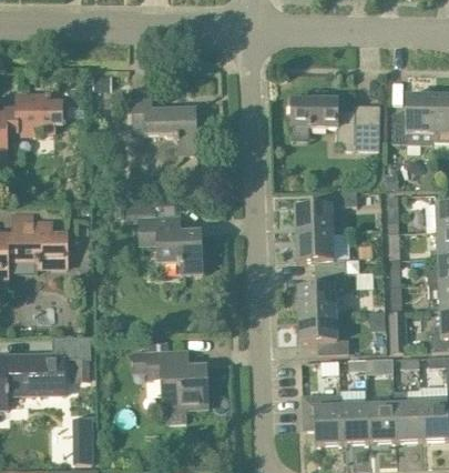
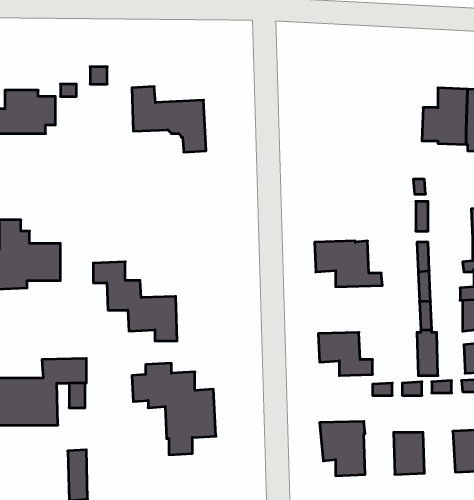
building: [290,90,379,149] -> none
building: [295,190,353,232] -> none
building: [126,201,202,272] -> [93,262,177,341]
building: [298,271,357,314] -> none
building: [392,390,422,440] -> none
building: [340,403,368,441] -> none

